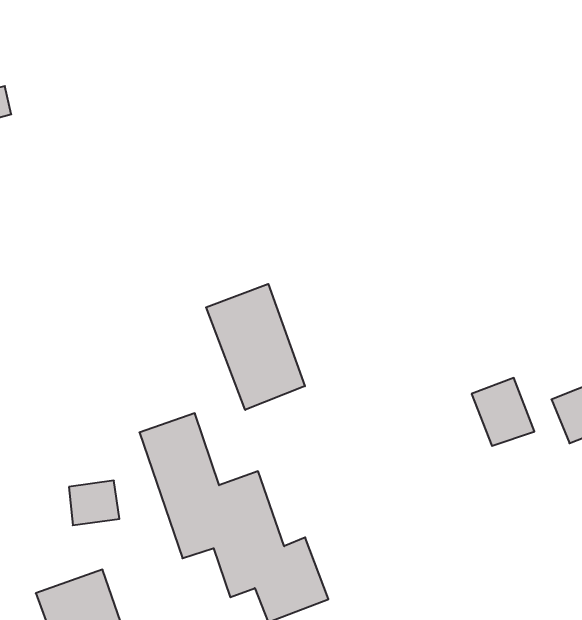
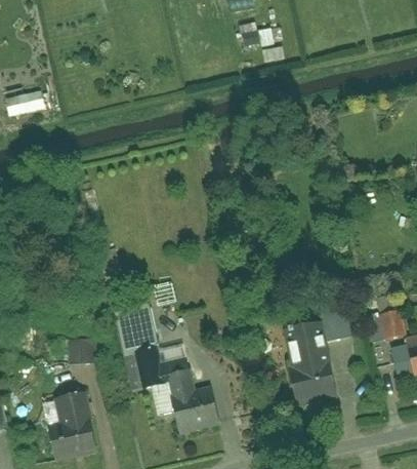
building: [206,284,305,410] -> none
building: none -> [282,319,336,402]

